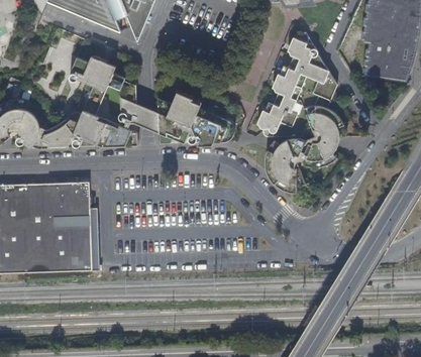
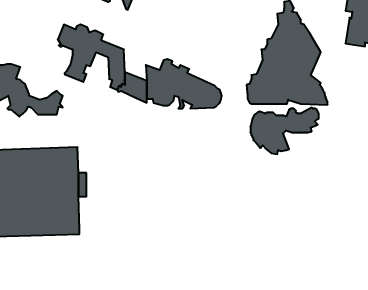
building: [66,109,136,145] -> none

